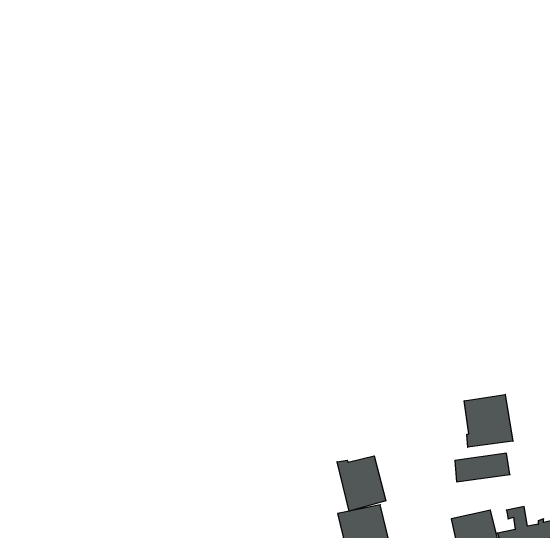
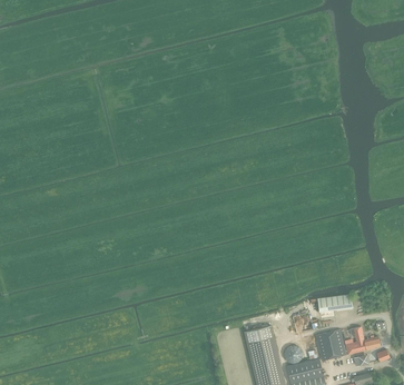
building: [464,394,513,447] -> none
building: [337,456,386,511] -> none

